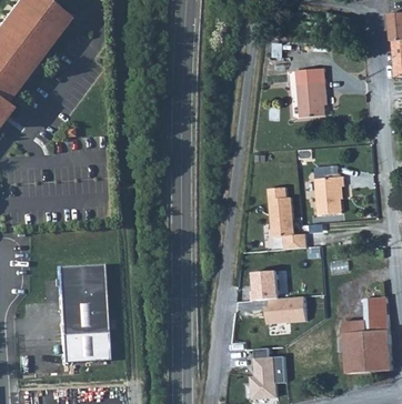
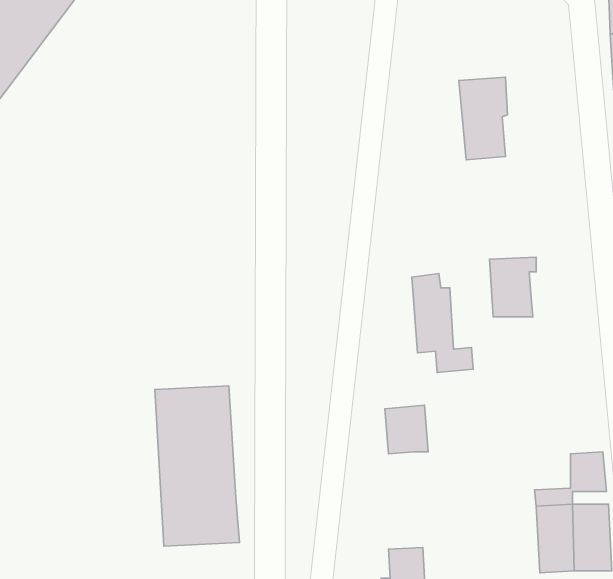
building: [56,263,108,362] -> [155,386,240,546]
building: [265,295,306,324] -> none

